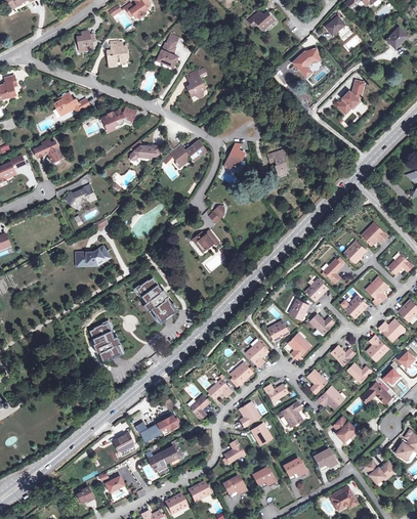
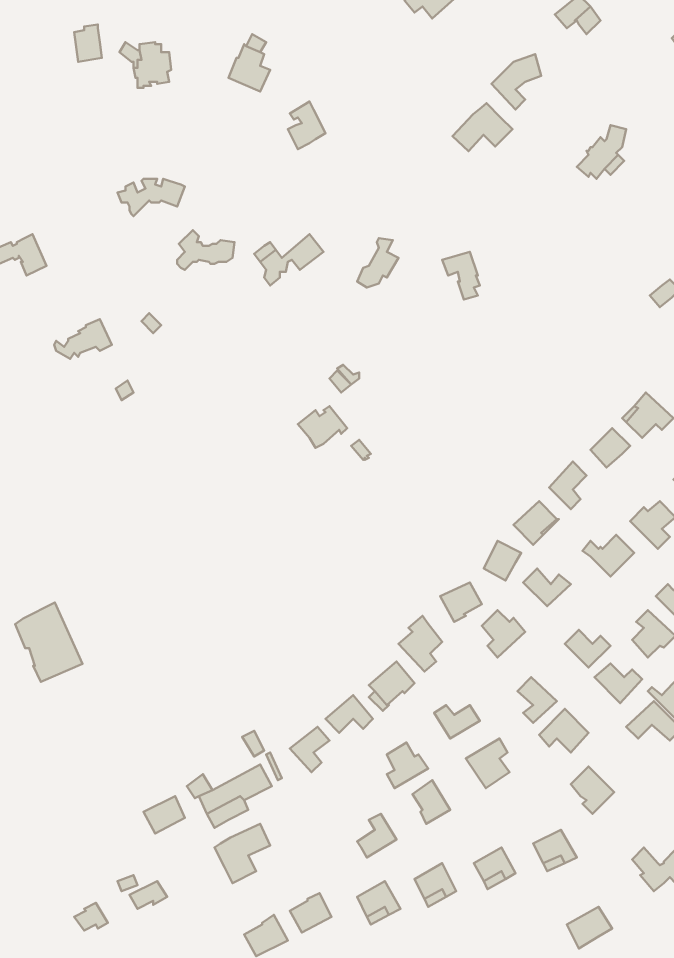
building: none -> [453,103,512,151]
building: [54,92,90,112] -> none
building: [79,245,110,264] -> none
building: [133,276,175,322] -> none
building: [88,319,123,360] -> [15,603,82,682]

